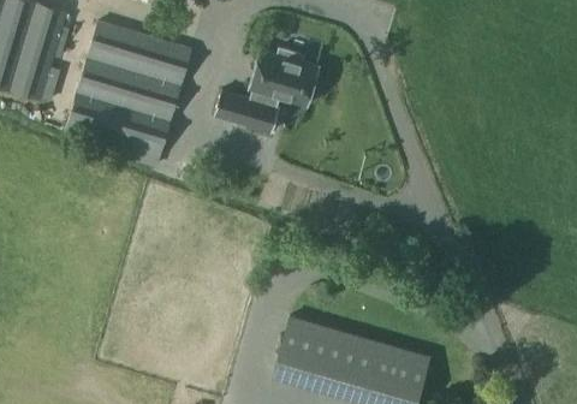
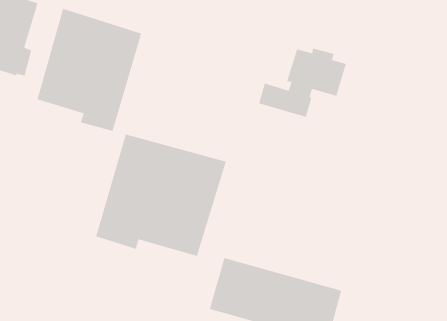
building: [215,47,321,131] -> [258,47,347,118]
building: none -> [95,133,227,257]

